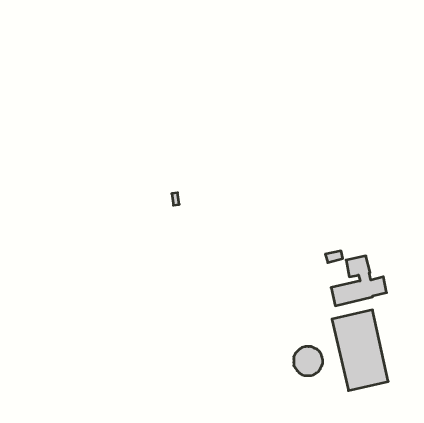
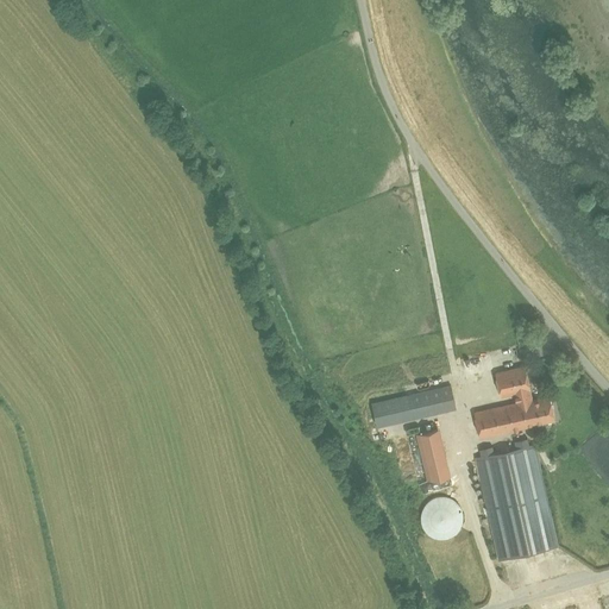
building: none -> [370,387,456,425]
building: none -> [416,432,451,484]

